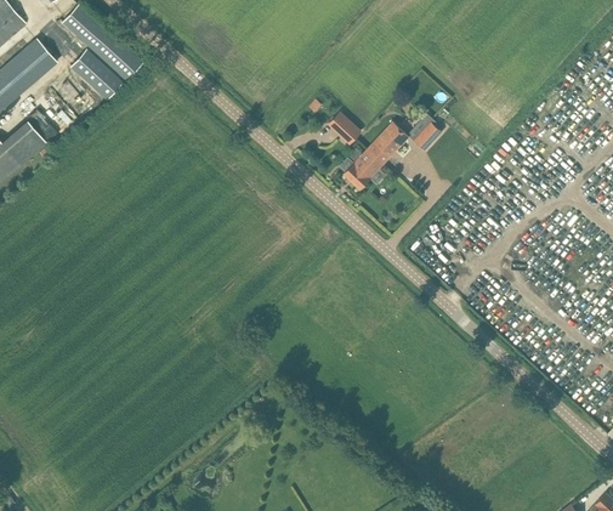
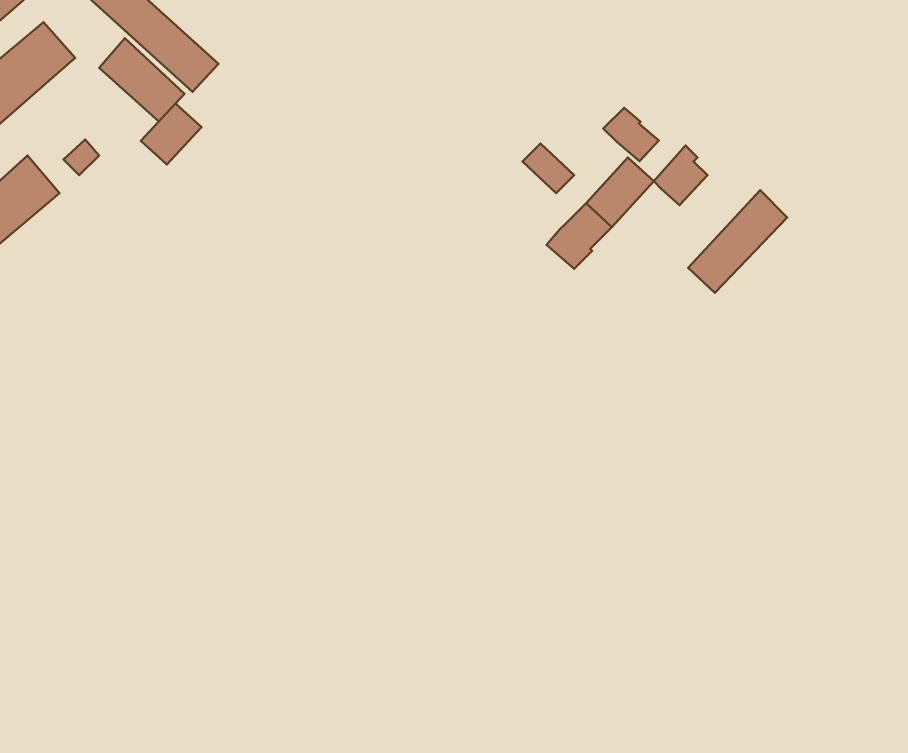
building: none -> [141,103,202,165]
building: none -> [603,108,659,161]
building: none -> [688,190,787,293]

